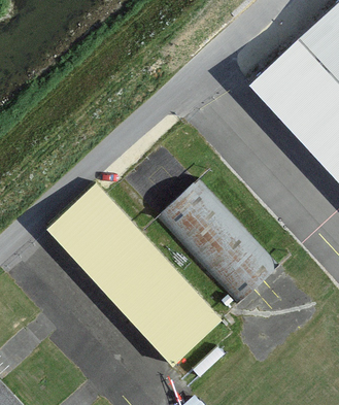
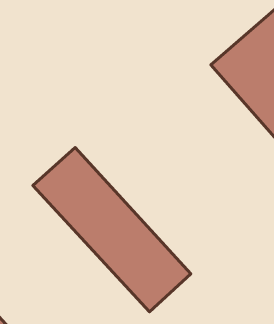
building: [158,179,276,301] -> none

